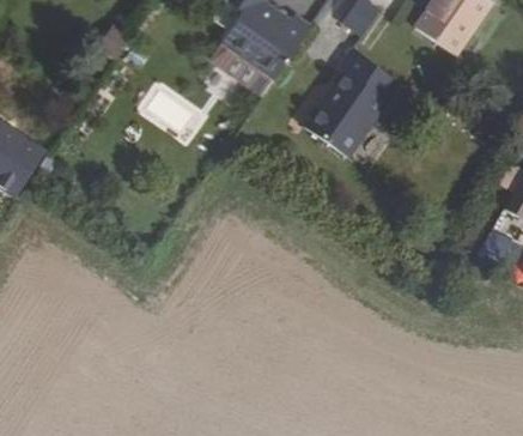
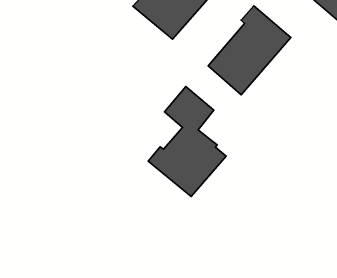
building: none -> [148,86,226,197]

